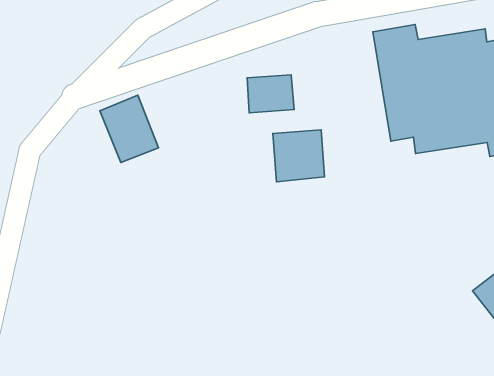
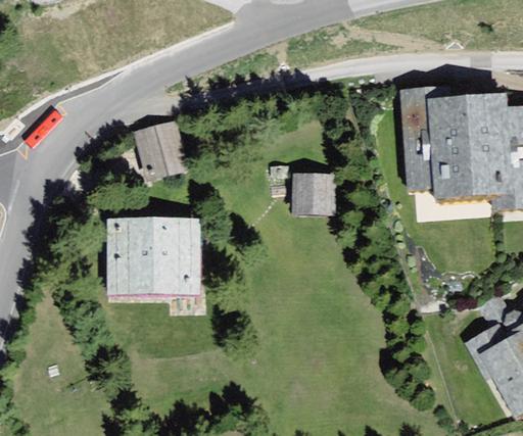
building: [247,75,294,113] -> none
building: none -> [109,212,202,290]

